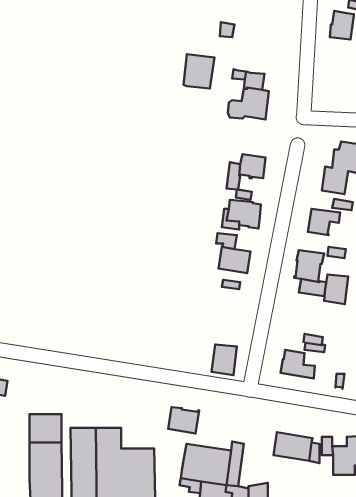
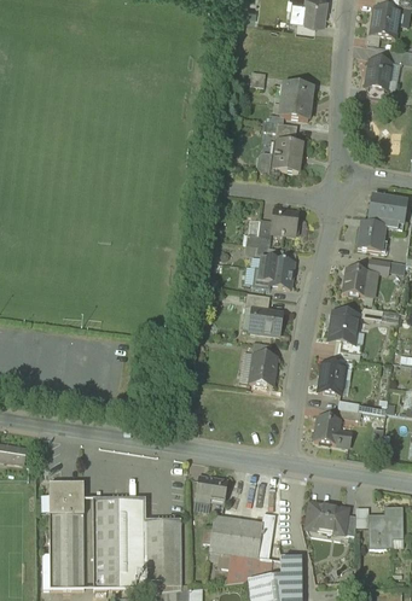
building: [183,54,214,88] -> [280,82,313,118]
building: [324,274,348,304] -> [319,362,344,393]
building: [212,344,237,375] -> [250,352,277,385]

